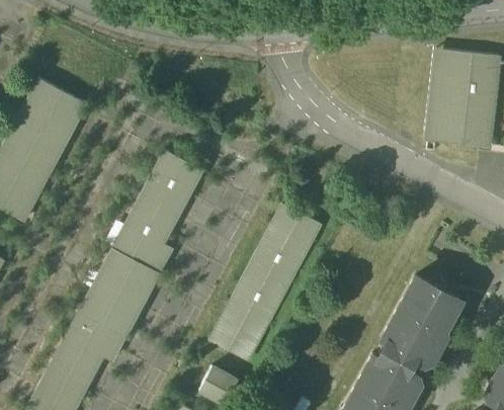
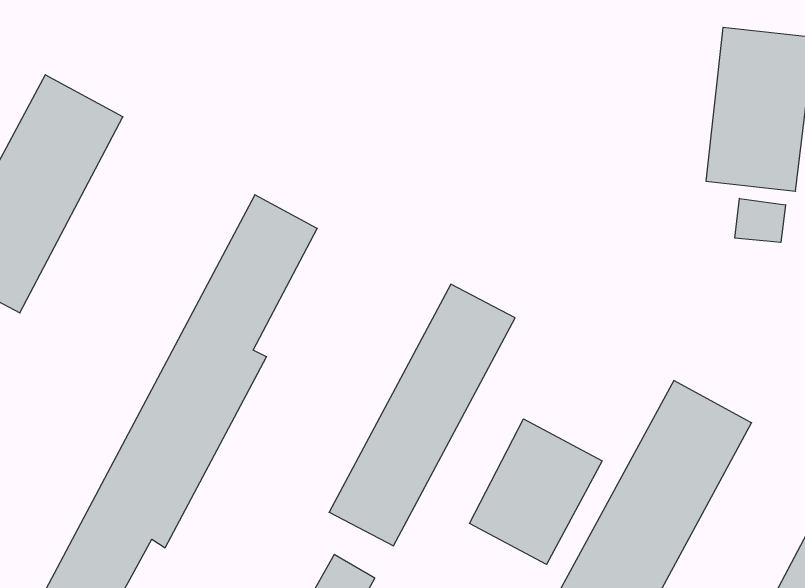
building: none -> [735,198,786,242]
building: none -> [469,419,602,564]

